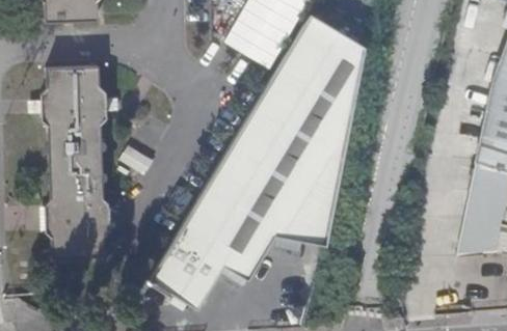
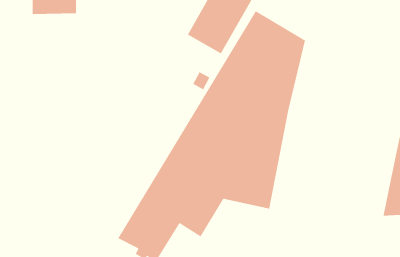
building: [32,63,112,257] -> none

